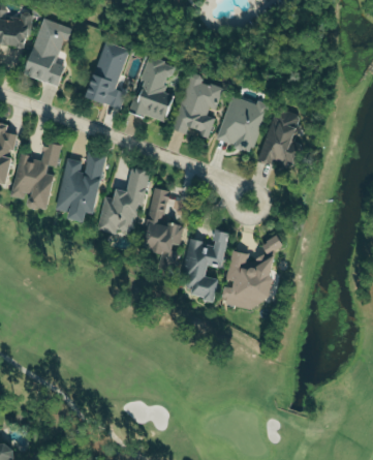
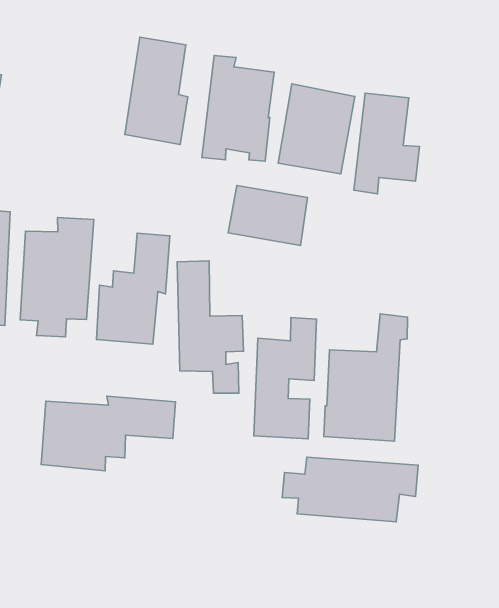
building: [85,41,129,110] -> none
building: none -> [228,186,308,246]
building: none -> [41,396,176,471]
building: none -> [282,457,418,522]

